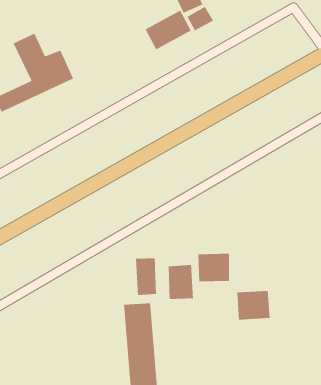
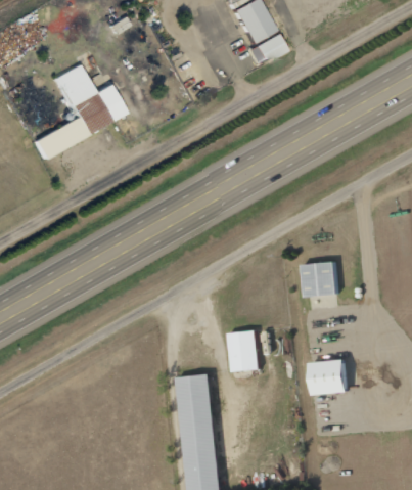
building: [145,10,192,50] -> none
building: [198,253,230,282] -> [301,262,337,296]
building: [135,258,157,296] -> none

